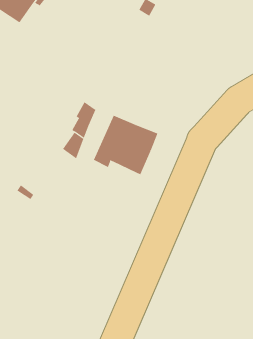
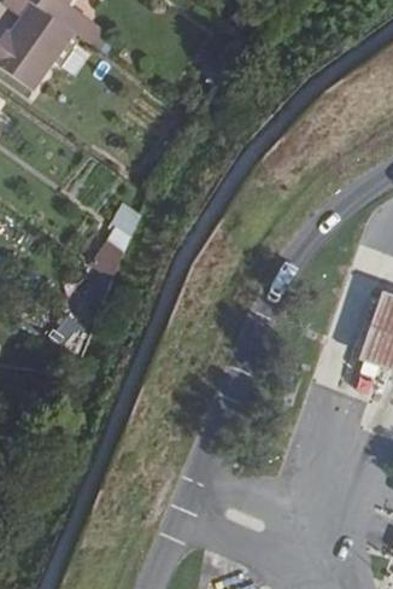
building: [93,115,158,175] -> none

